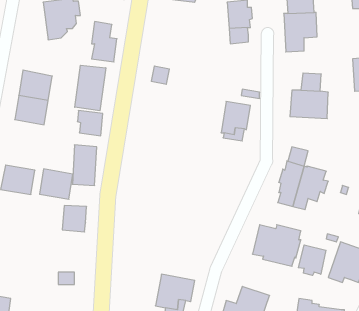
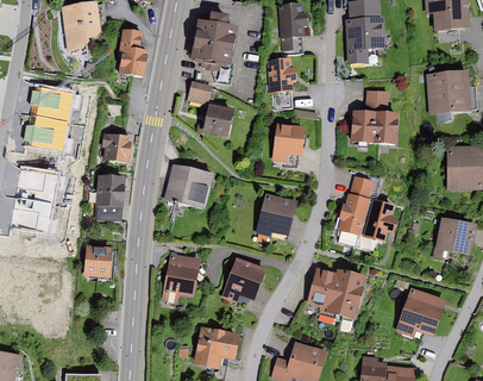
building: none -> [192,11,238,70]
building: none -> [270,58,294,111]
building: [75,65,106,111] -> none
building: none -> [205,104,233,136]
building: none -> [165,163,214,208]
building: none -> [251,199,293,246]
building: [40,169,73,199] -> [18,168,57,204]
building: none -> [162,252,201,302]
building: none -> [221,257,266,301]
building: [298,245,326,275] -> none

